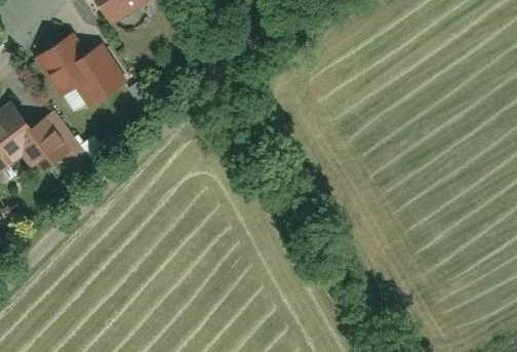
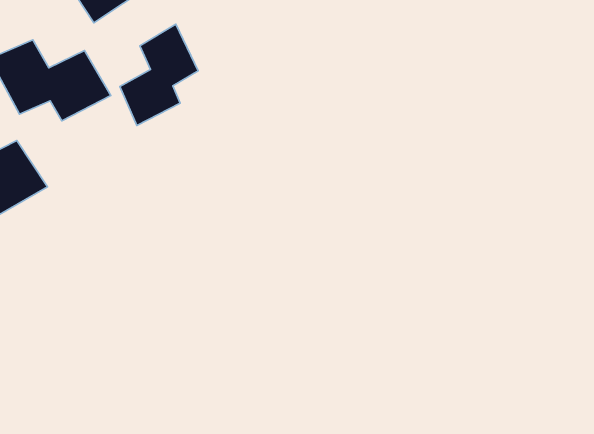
building: none -> [120,24,198,125]

